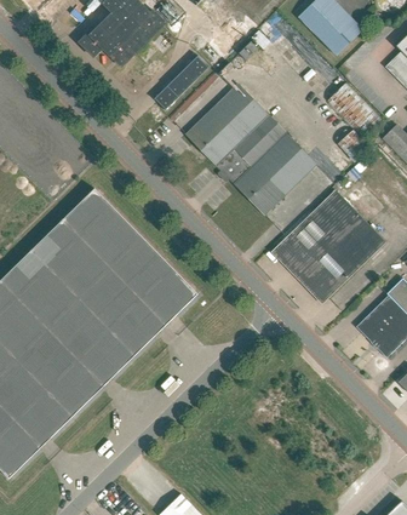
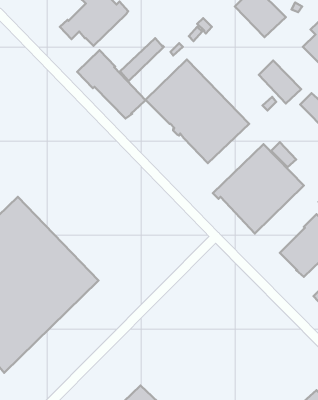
building: none -> [77,50,145,119]
building: [24,189,196,362] -> none

